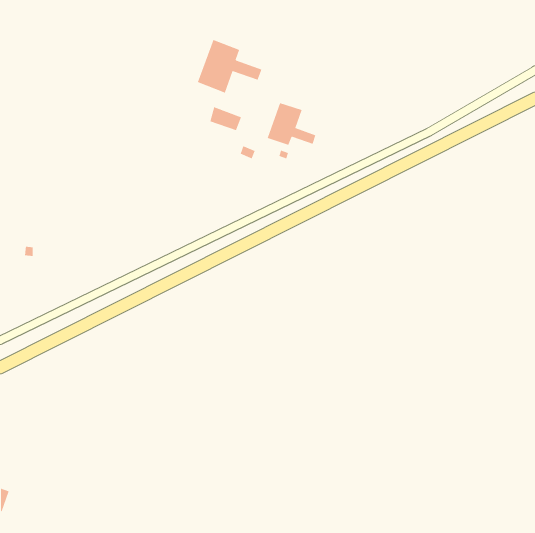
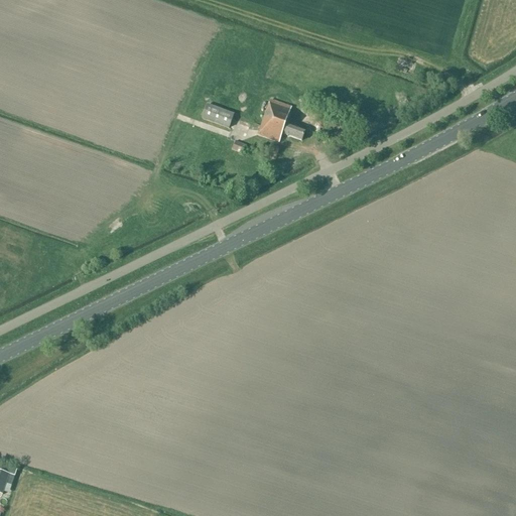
building: [197,39,262,94] -> none

